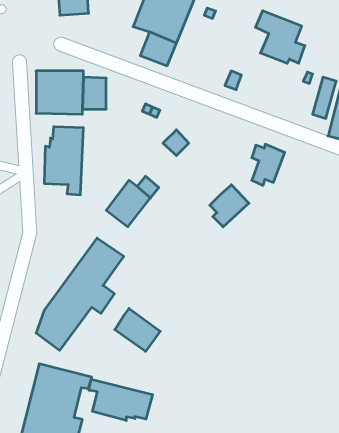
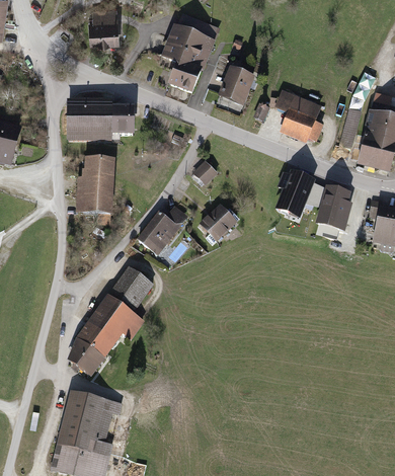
building: [255,11,305,63] -> [275,89,324,141]
building: none -> [220,68,256,106]
building: none -> [319,187,351,231]
building: [210,185,249,227] -> [200,203,238,244]
building: [115,308,160,351] -> none
building: [89,379,153,421] -> none

